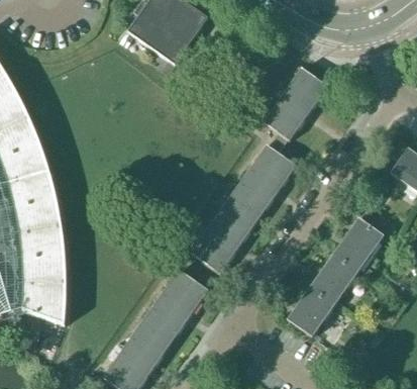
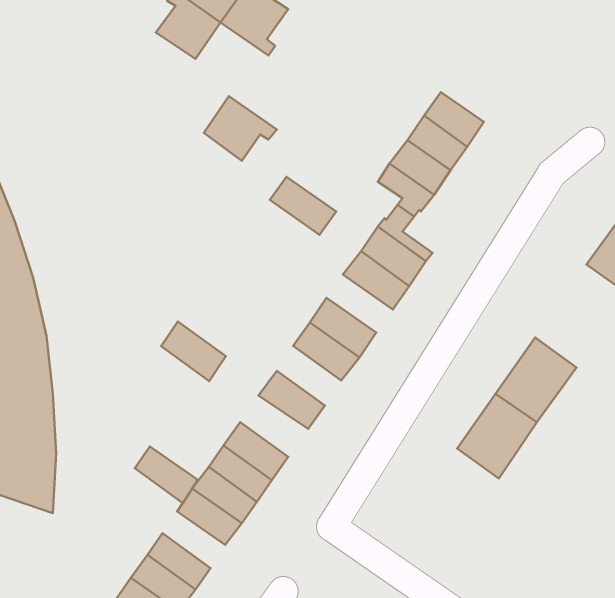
building: [151,25,196,65] -> [204,96,277,161]
building: [231,179,272,214] -> [270,177,336,235]
building: [201,222,240,259] -> [161,321,226,381]
building: [287,285,336,336] -> none
building: [131,323,170,358] -> [135,447,198,503]

